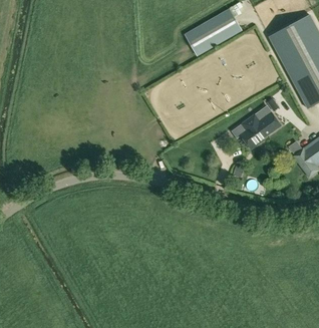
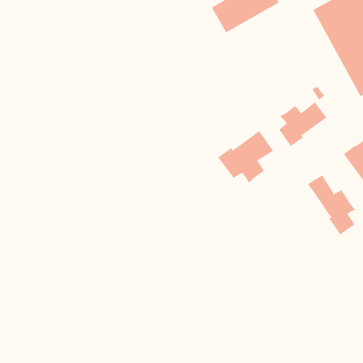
building: none -> [218,130,274,184]
building: none -> [307,174,356,235]

